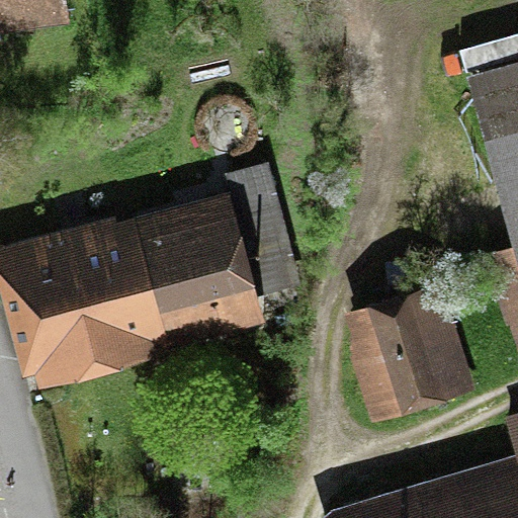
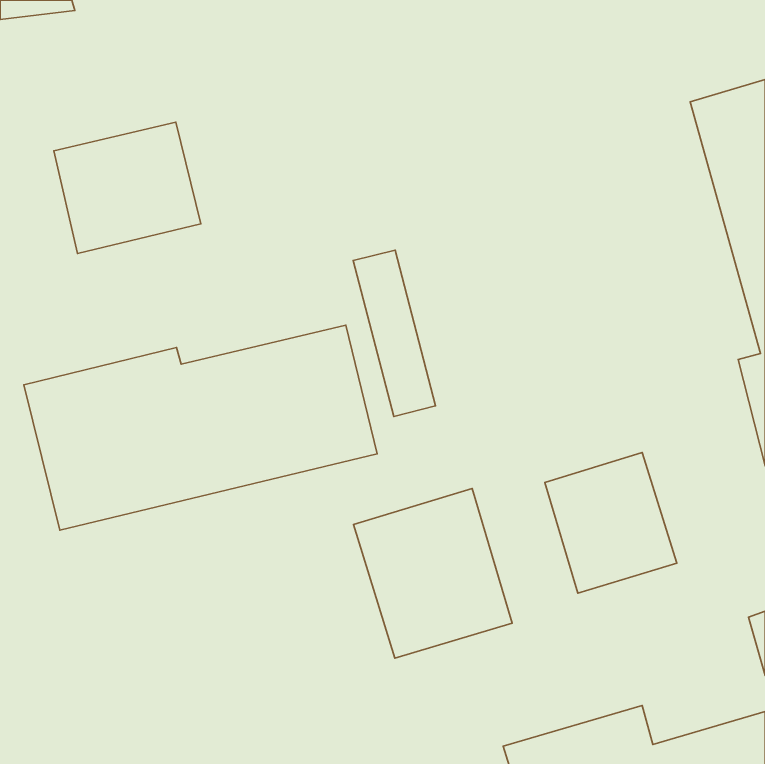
building: none -> [54,122,201,253]
building: none -> [353,488,512,658]

